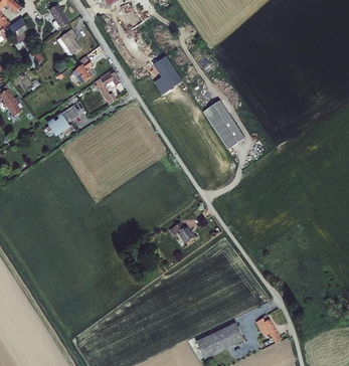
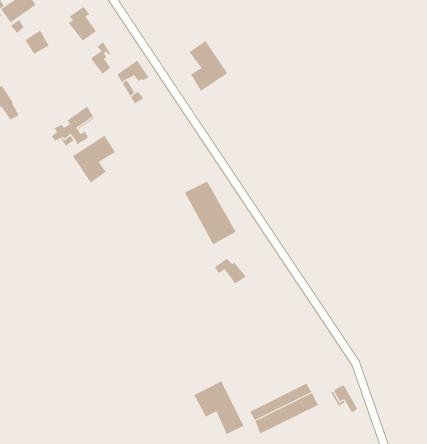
building: [203,100,243,149] -> [184,181,237,245]
building: none -> [72,135,116,184]
building: none -> [194,381,244,435]

